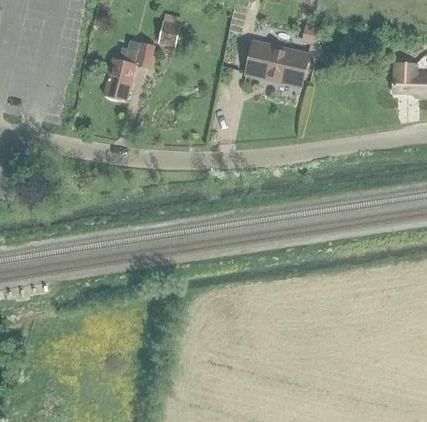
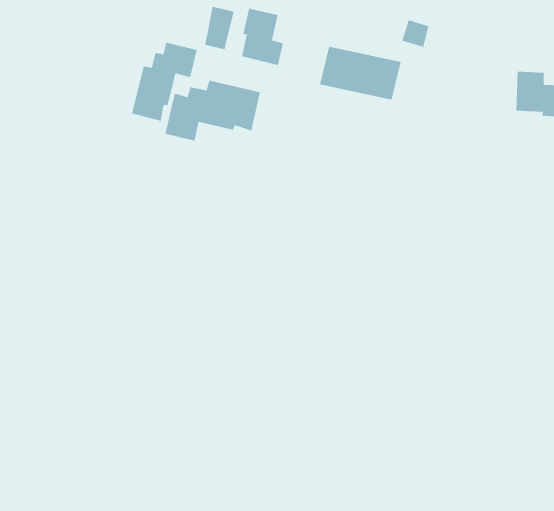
building: none -> [241,8,283,66]
building: none -> [165,80,261,142]

